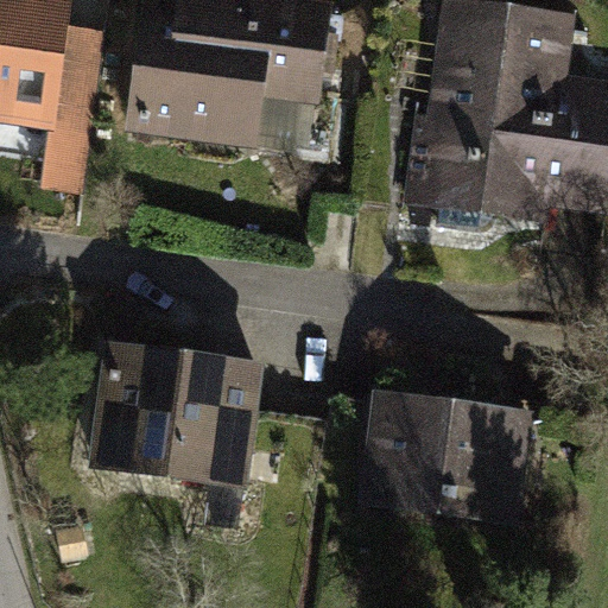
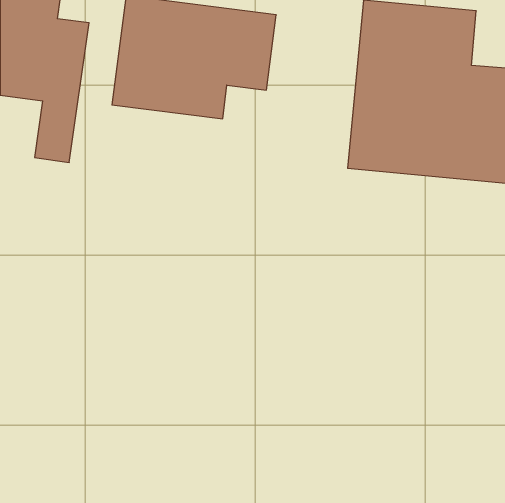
building: [83,340,252,482] -> none
building: [356,390,528,525] -> none

